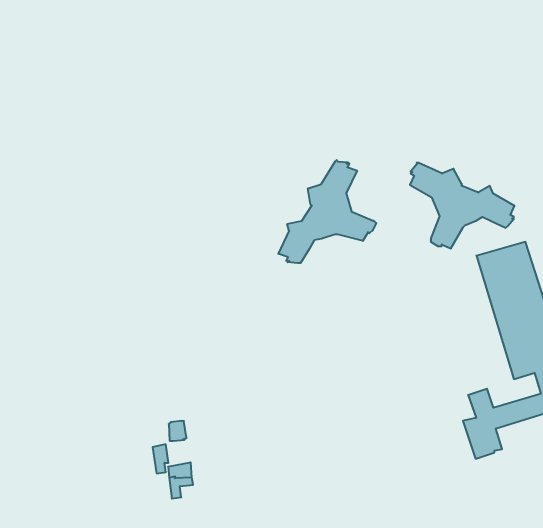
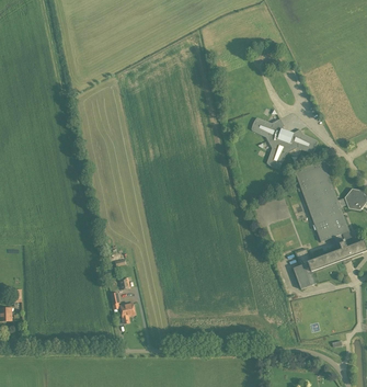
building: [278,160,376,263] -> none

